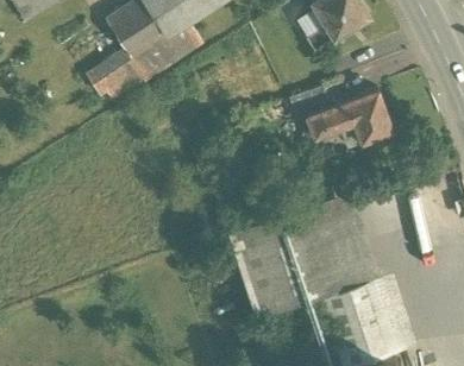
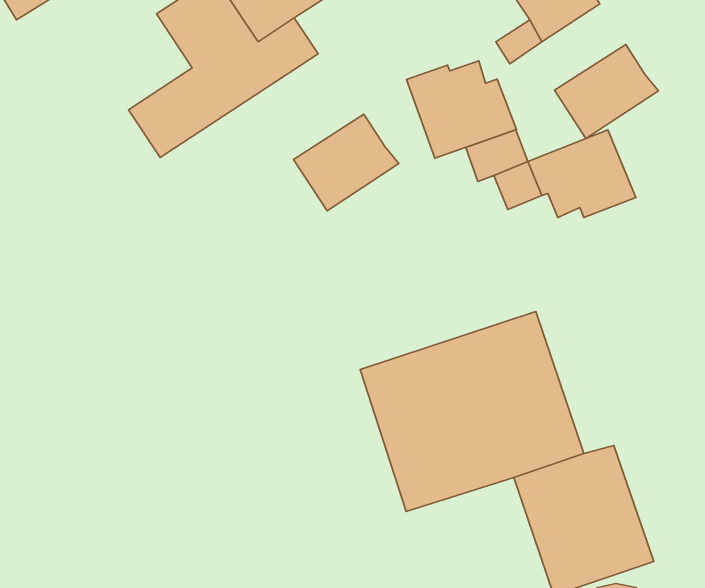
building: none -> [554,45,658,138]
building: none -> [407,61,516,158]
building: none -> [293,114,399,211]

